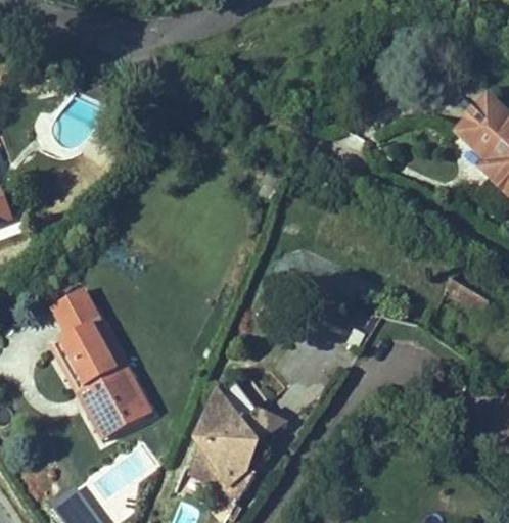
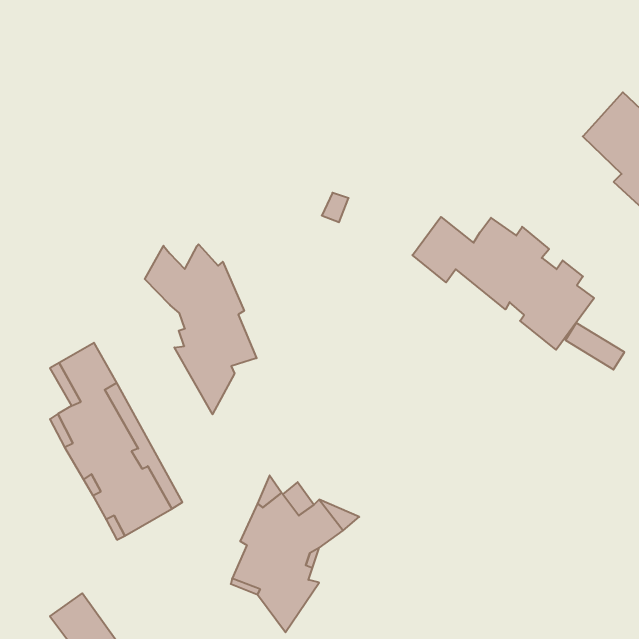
building: none -> [412,217,594,350]
building: none -> [145,244,257,414]

